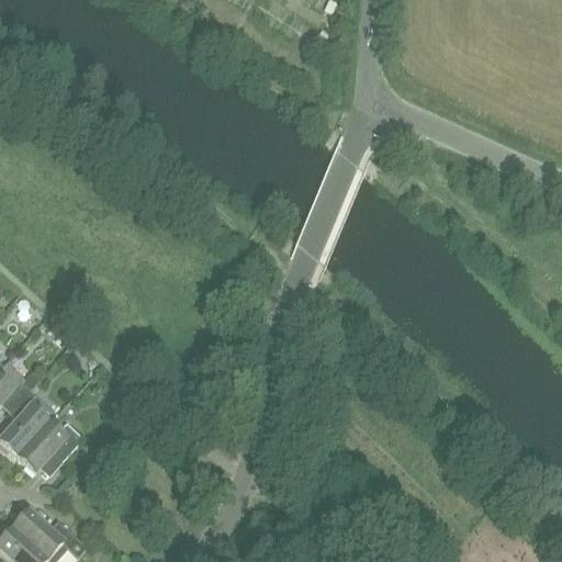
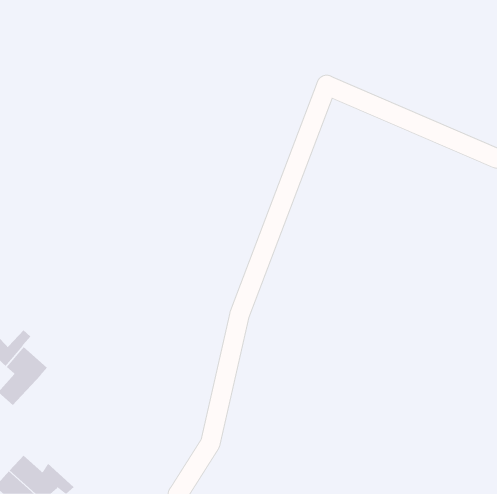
building: [14,422,80,472] -> none

